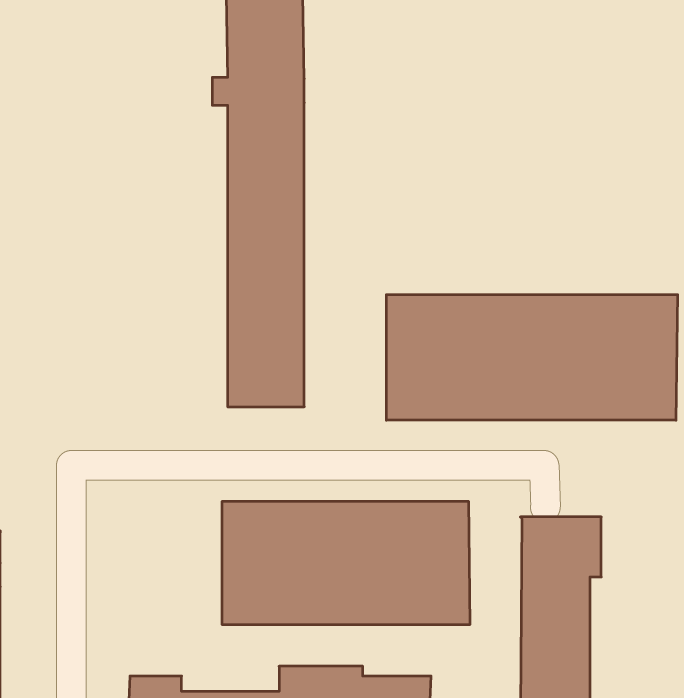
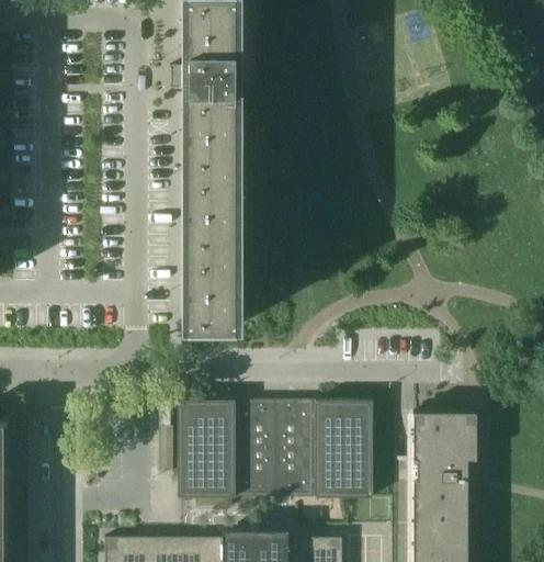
building: [386,295,678,420] -> none

